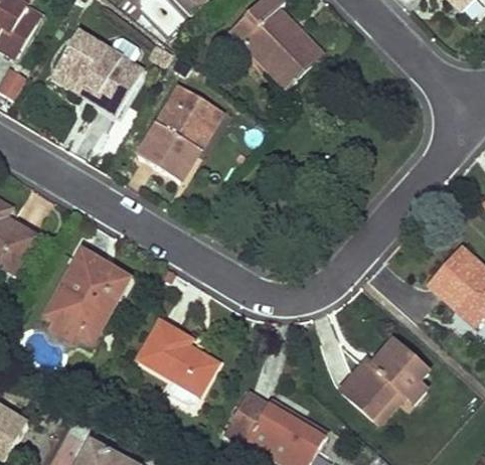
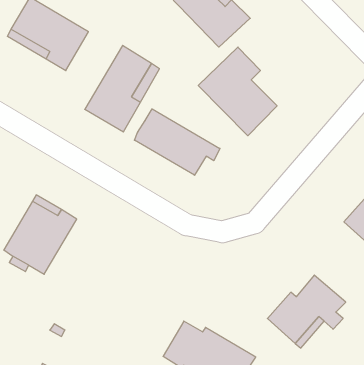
building: none -> [198,47,277,136]
building: none -> [134,109,220,175]
building: [139,321,217,403] -> none

